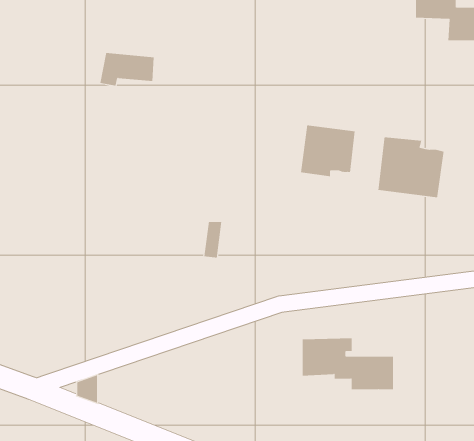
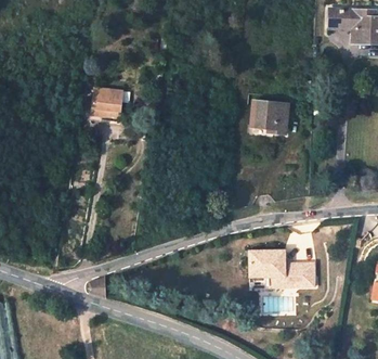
building: [99,52,155,86] -> [80,95,119,119]
building: [378,136,444,198] -> none

